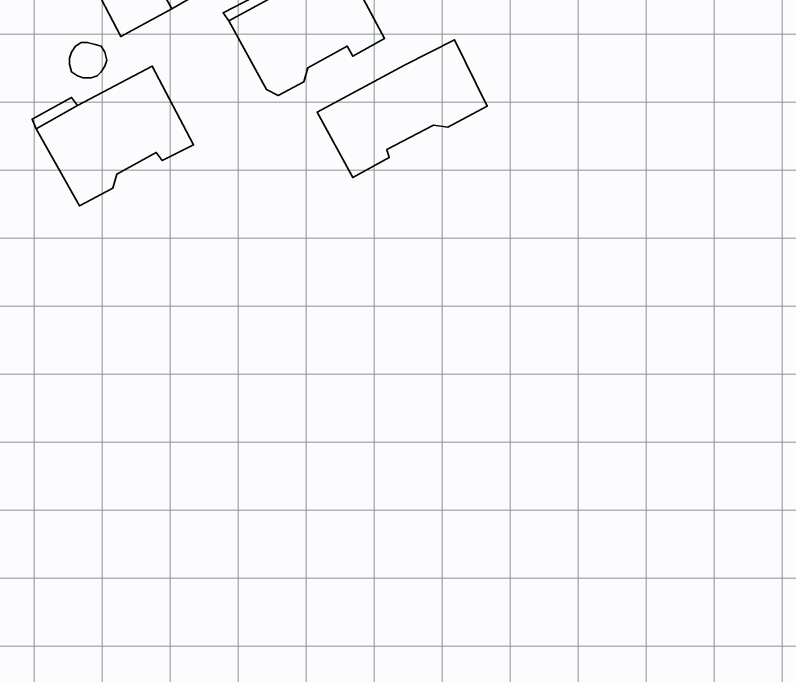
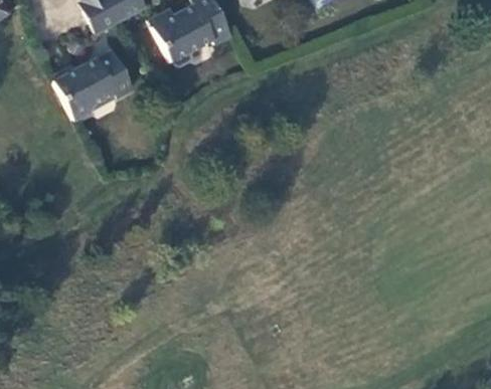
building: [317,40,487,178] -> none

